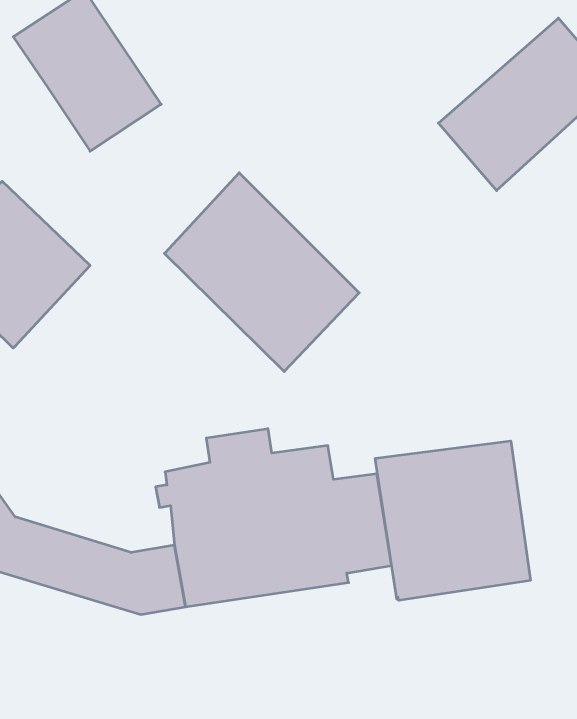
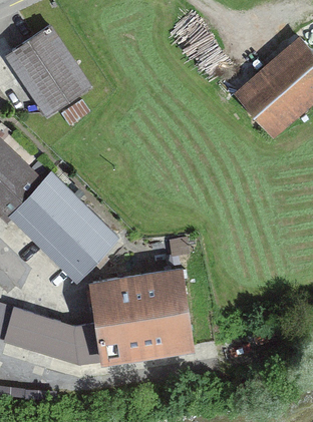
building: [164,173,359,372] -> [10,174,114,281]
building: [375,441,530,600] -> none

